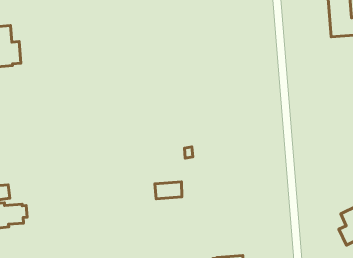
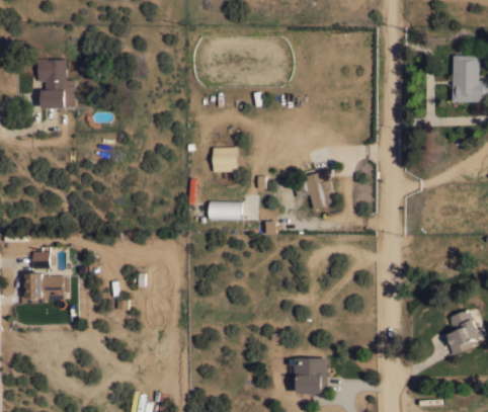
building: none -> [212,147,237,172]
building: none -> [294,172,335,210]
building: [155,182,182,199] -> [209,202,241,221]

